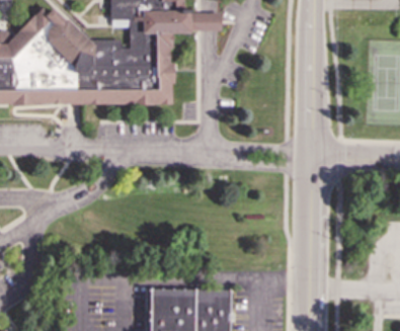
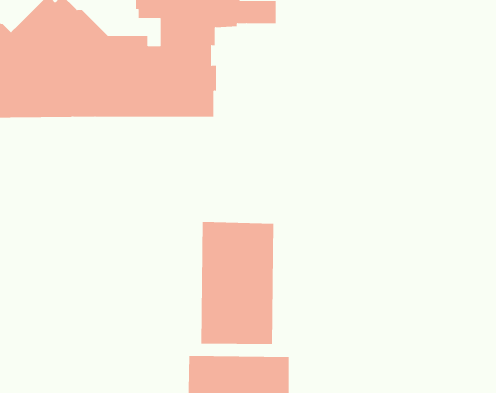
building: none -> [201,221,274,345]

